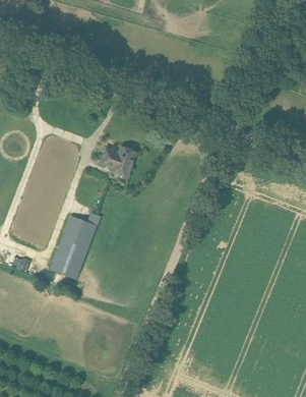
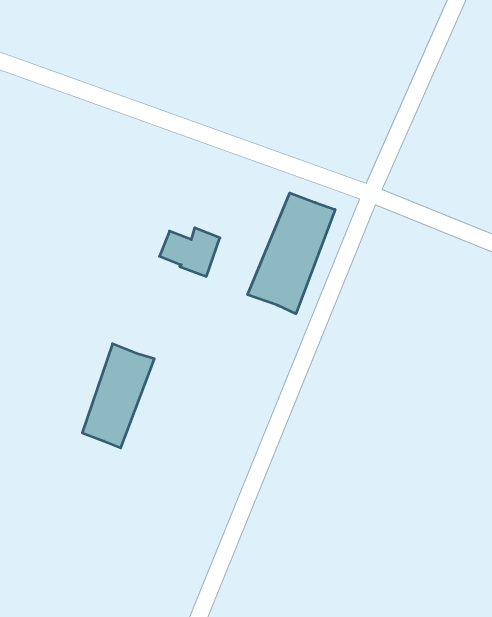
building: none -> [248,193,335,314]

